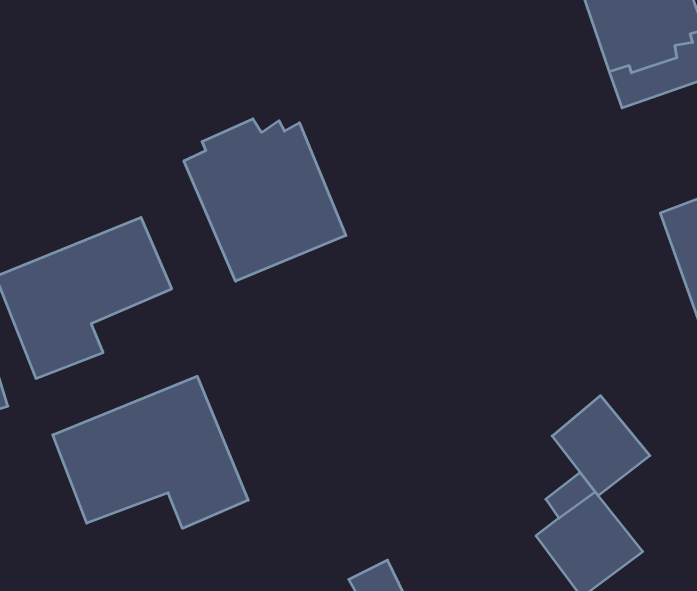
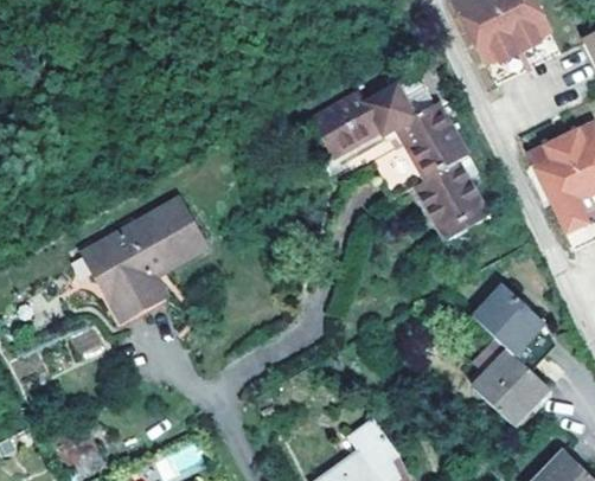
building: none -> [311,77,485,236]
building: [184,119,346,281] -> none
building: [53,376,248,528] -> none

